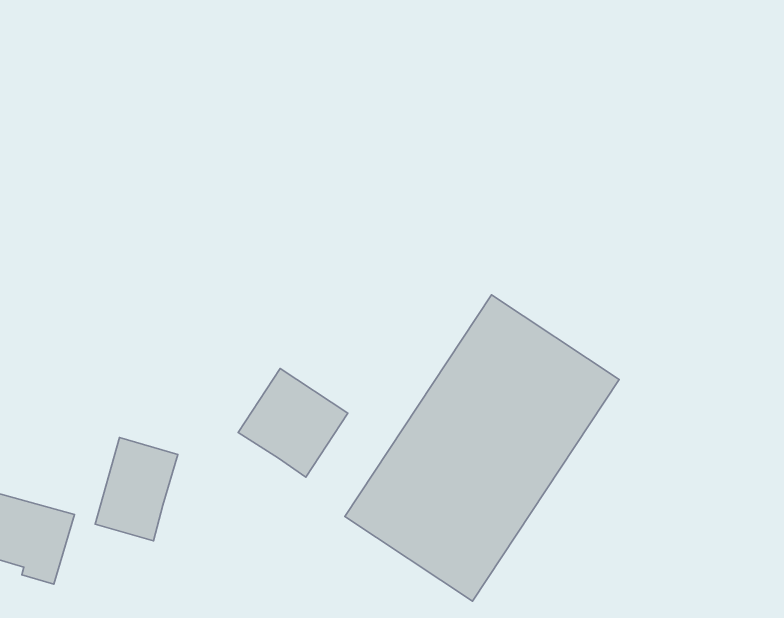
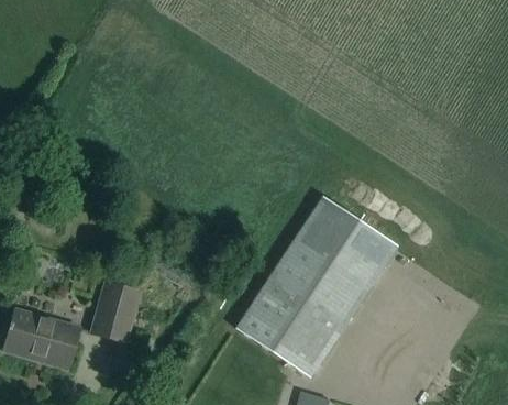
building: [238,368,348,477] -> none

